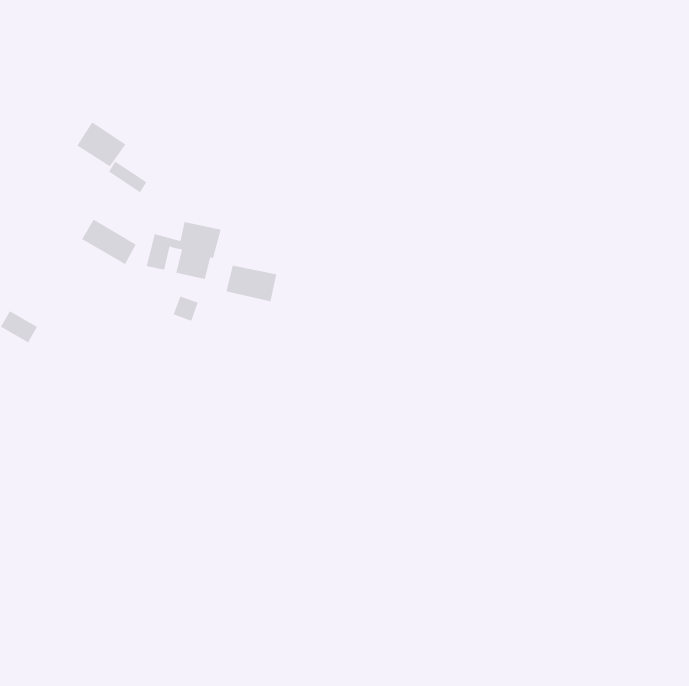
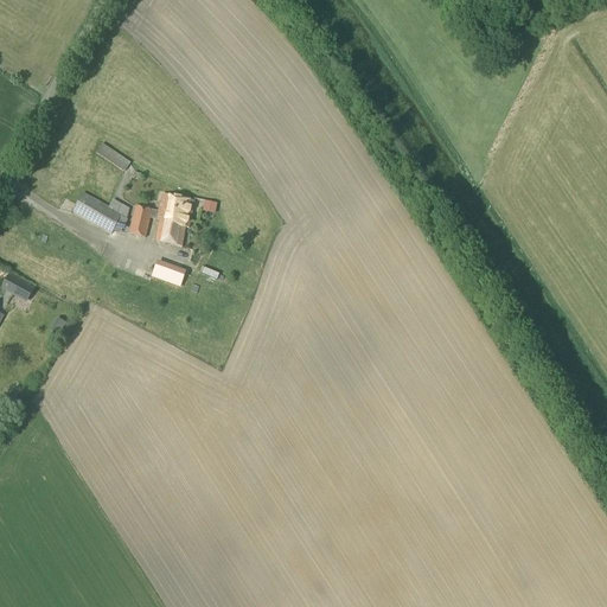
building: [76,122,126,167] -> none
building: [226,265,277,302] -> none

